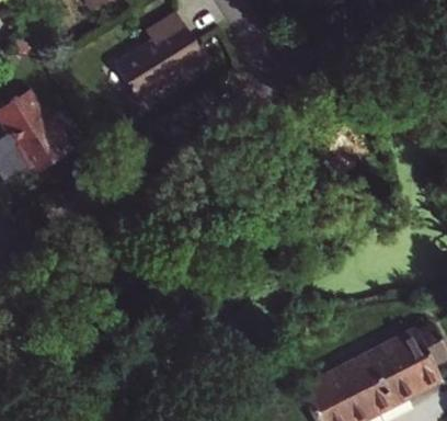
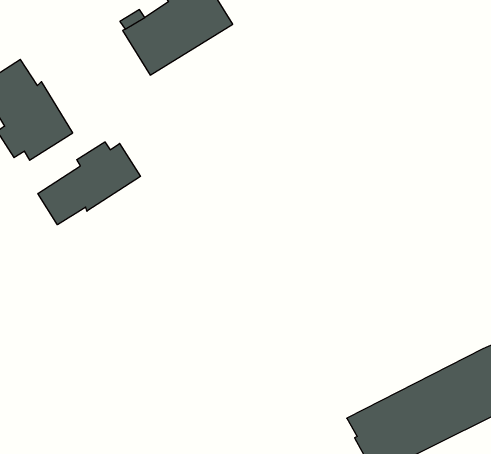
building: none -> [38,142,140,225]

